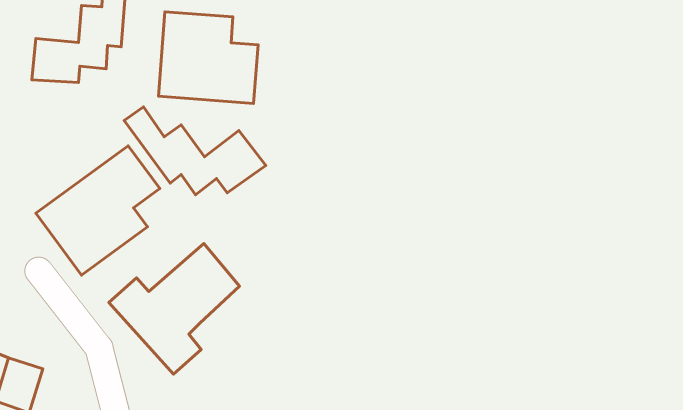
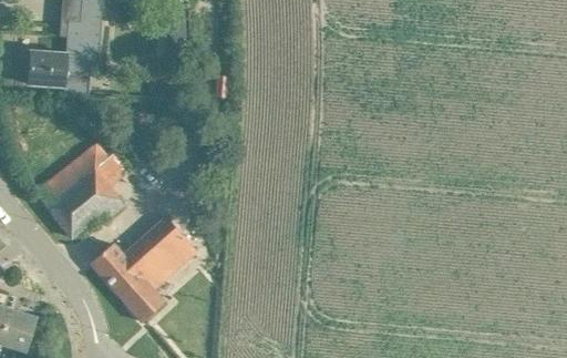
building: [158,12,258,103] -> none
building: [124,107,266,195] -> none

